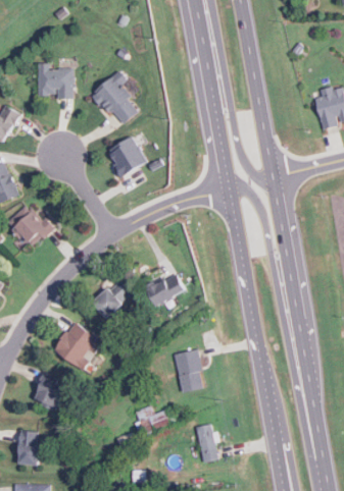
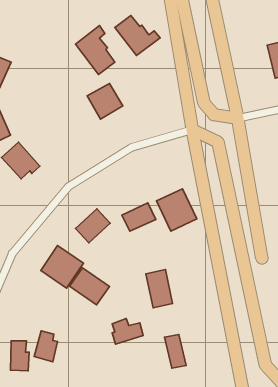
building: none -> [115,15,160,56]
building: [37,63,73,100] -> none
building: none -> [156,189,197,231]
building: none -> [70,268,110,305]
building: [35,373,61,408] -> [34,331,57,362]

